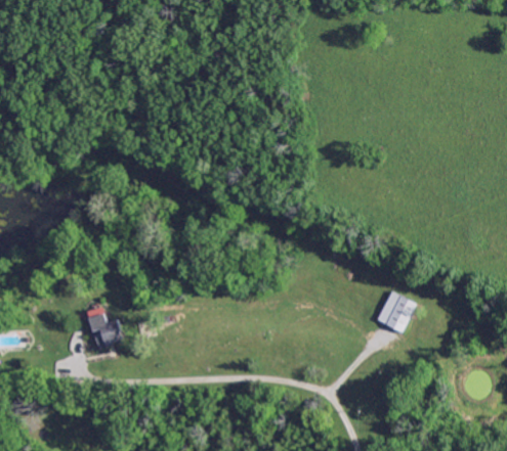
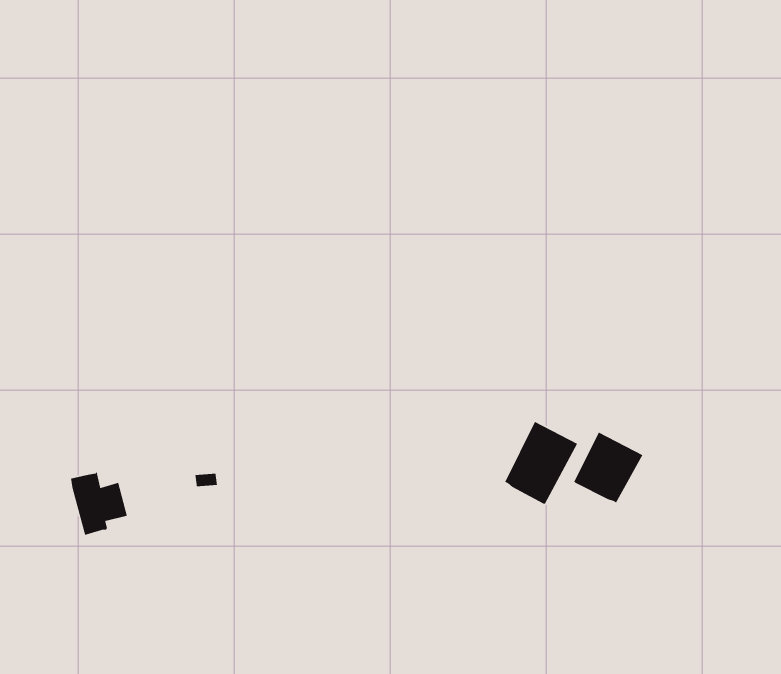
building: none -> [504,421,578,505]

